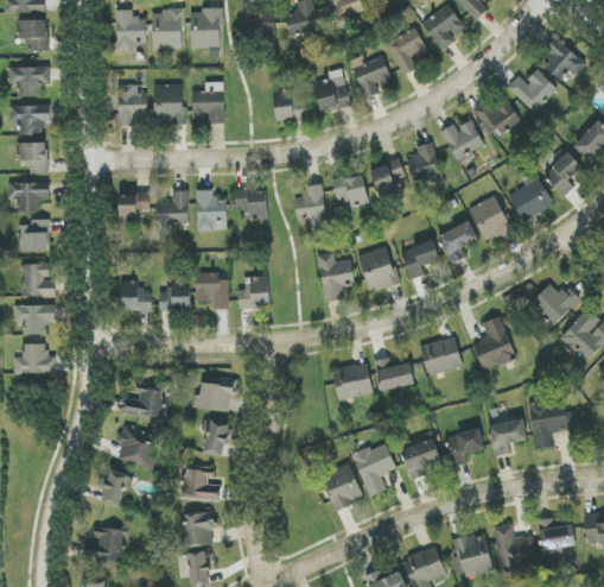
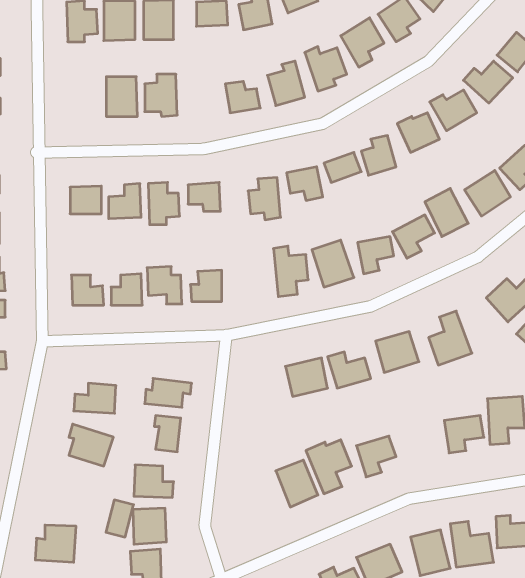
building: [117,84,146,126] -> none
building: [446,428,484,466] -> none
building: [101,469,128,506] -> [106,500,134,537]

